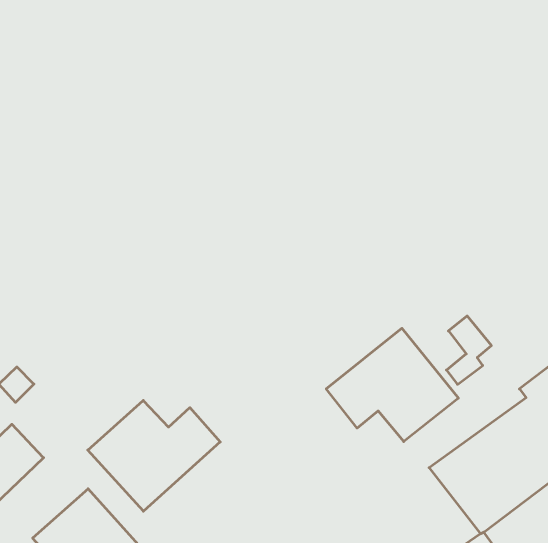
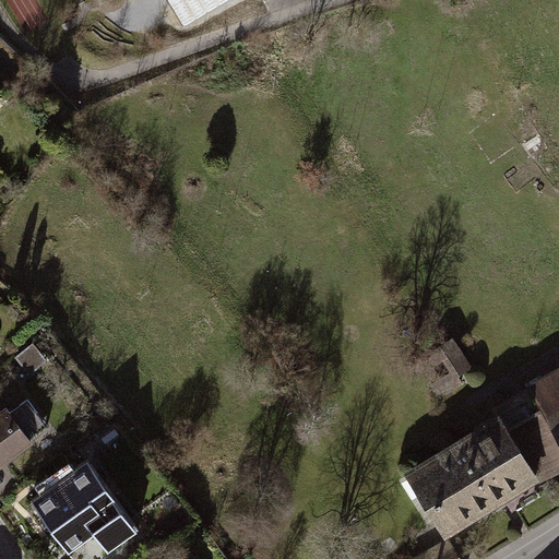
building: [326,328,458,442] -> none
building: [88,400,220,511] -> none

